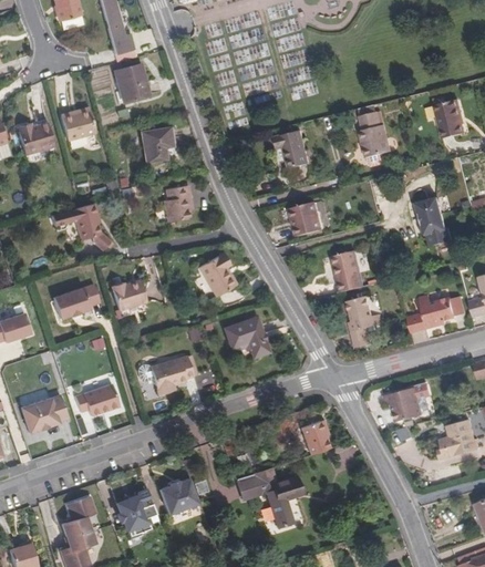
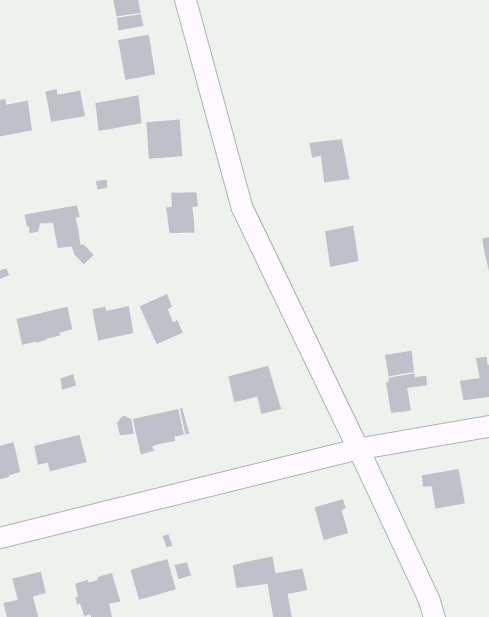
building: none -> [95,94,143,132]
building: [359,112,391,158] -> none
building: [329,249,365,292] -> none
building: [198,254,236,296] -> [138,293,184,345]

